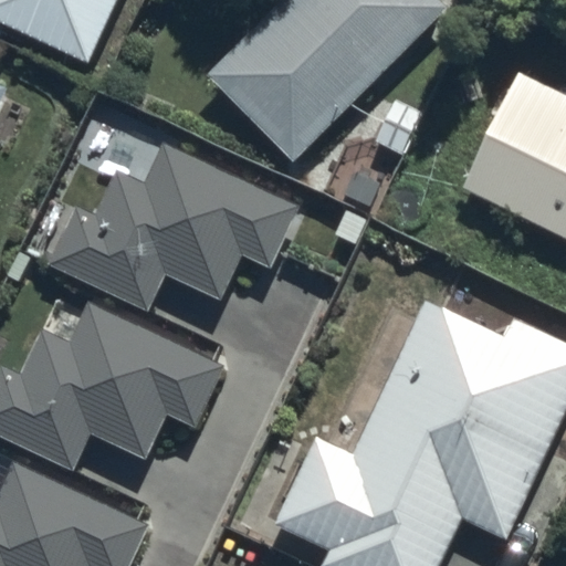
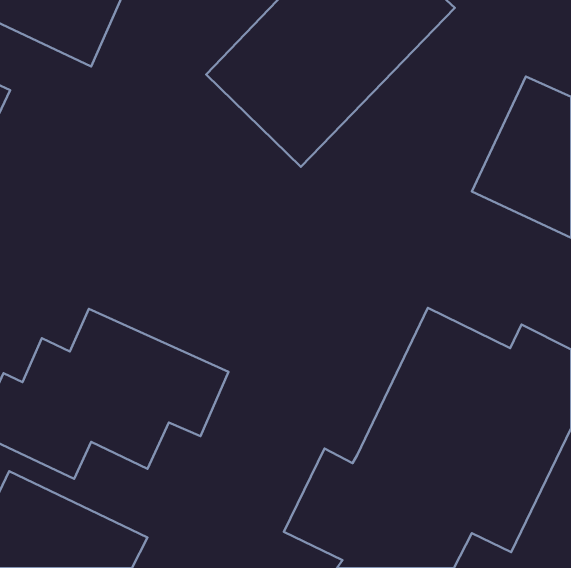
building: [50,143,297,313] -> none

